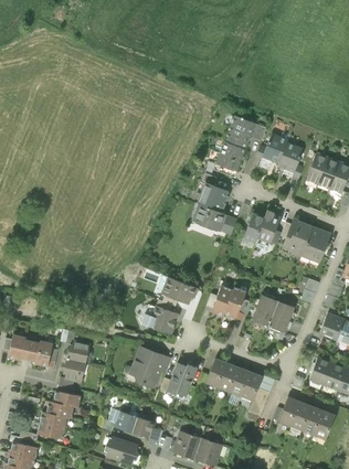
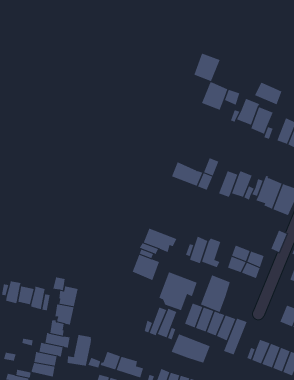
building: none -> [254,82,282,105]
building: [215,139,245,171] -> [193,53,221,82]
building: [195,181,229,213] -> none
building: none -> [200,274,230,313]
building: [128,345,171,388] -> [158,272,198,311]
building: none -> [171,334,211,363]
building: none -> [67,334,91,367]

